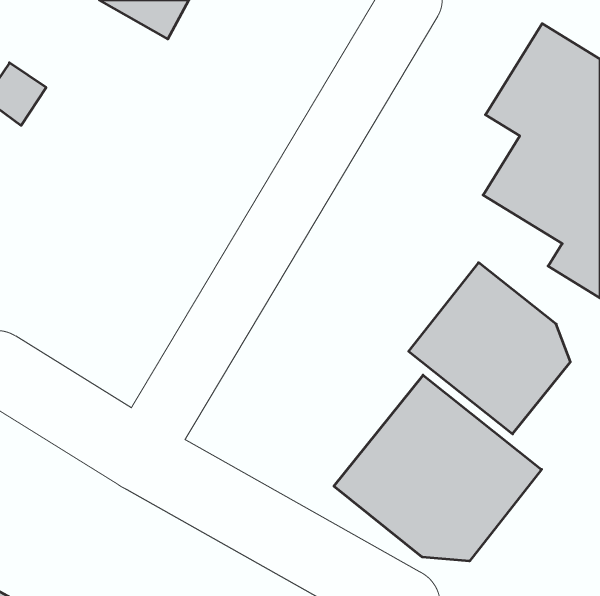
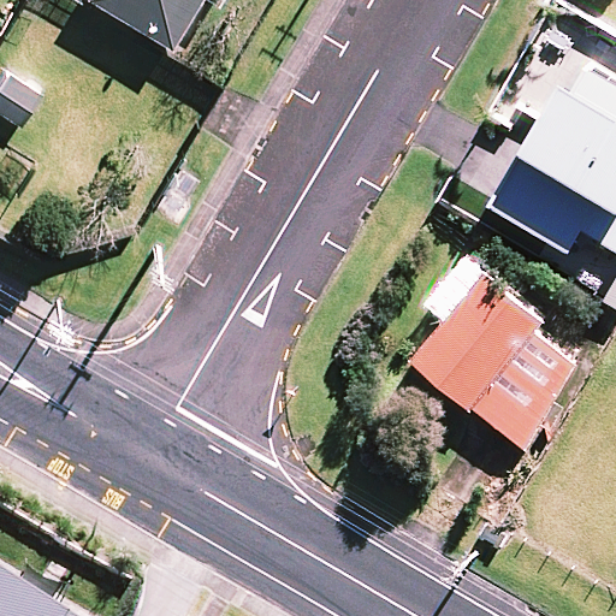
building: [334,375,542,561] -> none

